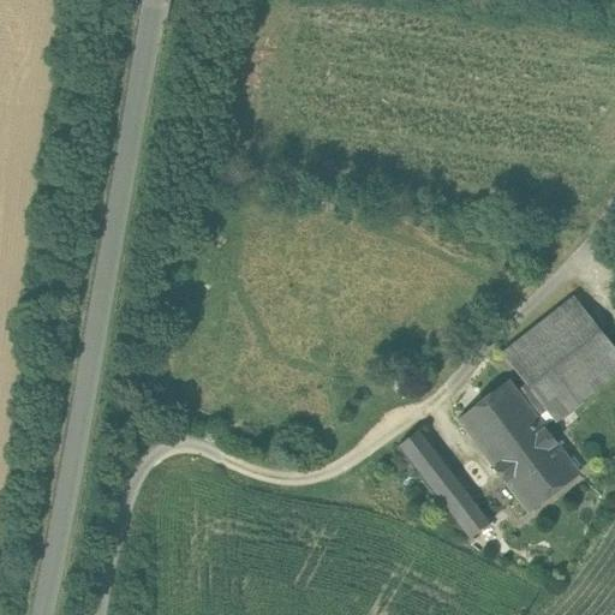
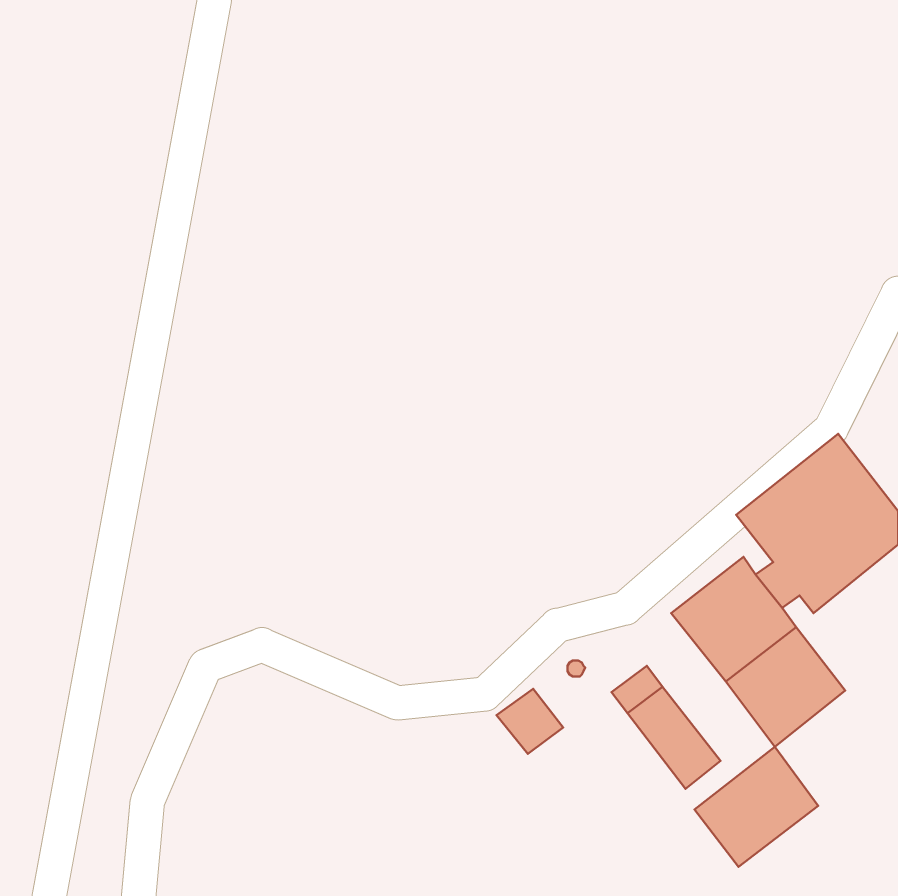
building: [396,429,442,473] -> [496,689,563,754]
building: none -> [695,747,818,867]

